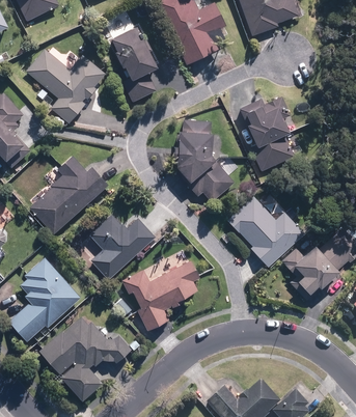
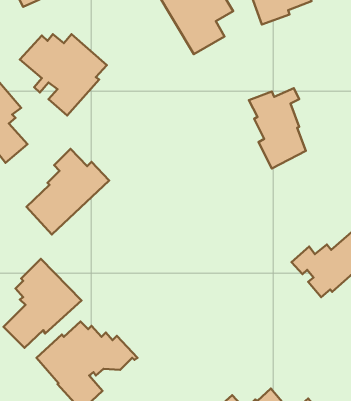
building: [110,27,159,102] -> none
building: [175,118,235,201] -> none
building: [227,194,305,284] -> none
building: [88,213,155,280] -> none
building: [122,259,200,331] -> none

